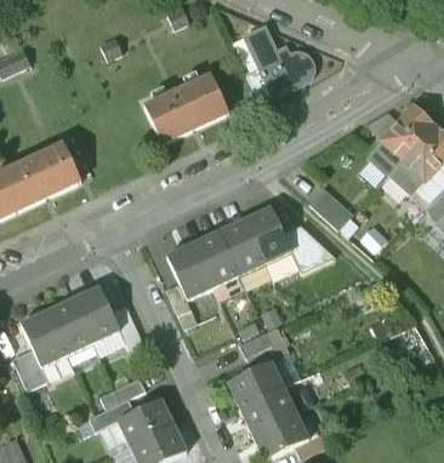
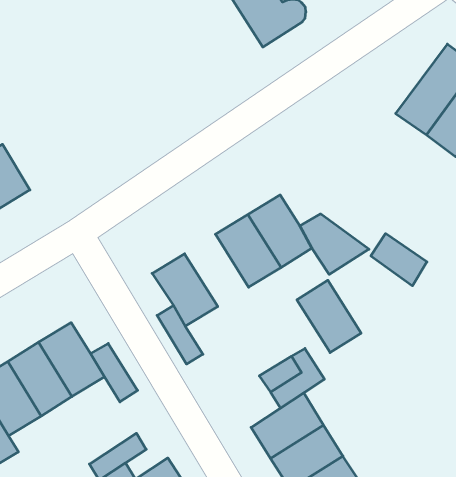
building: [144,74,228,142] -> none
building: [308,187,351,229] -> [371,234,427,286]
building: [192,232,238,287] -> [297,280,361,353]

